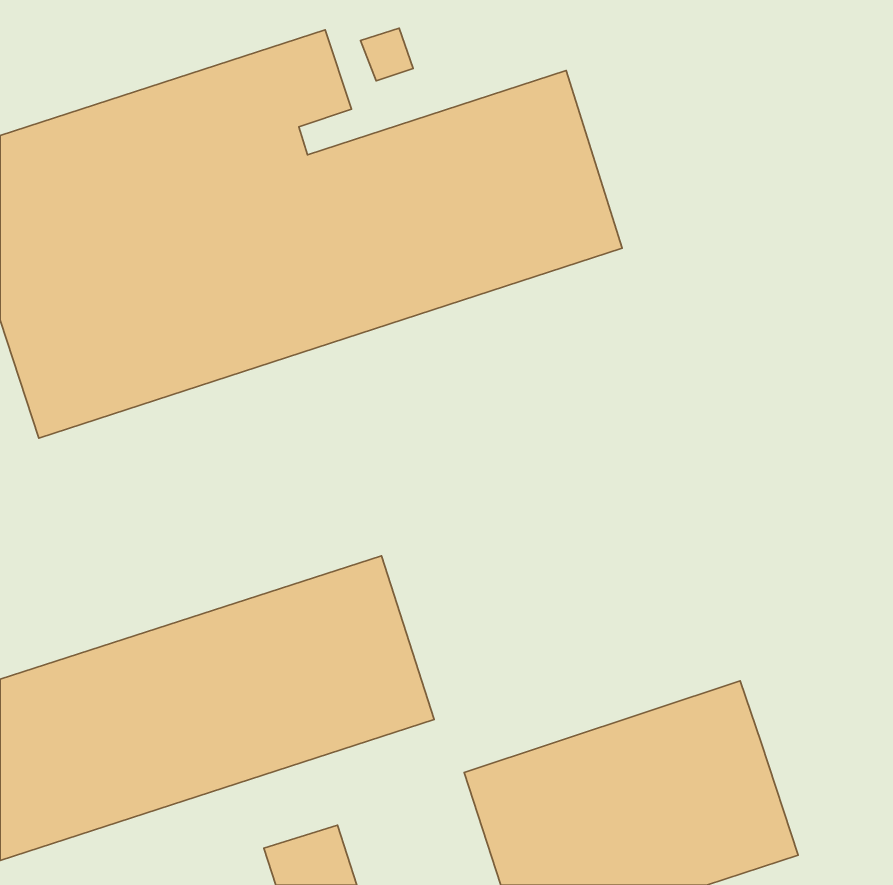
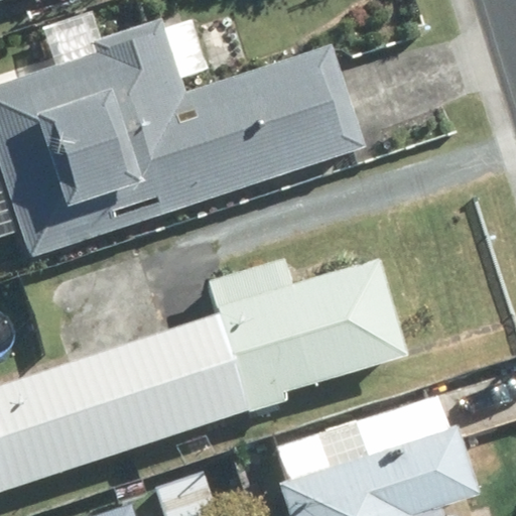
building: none -> [211,260,409,412]

